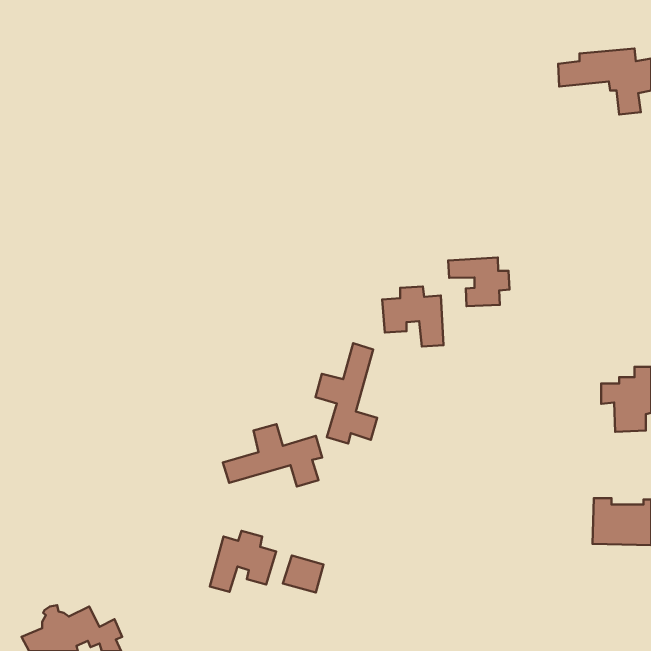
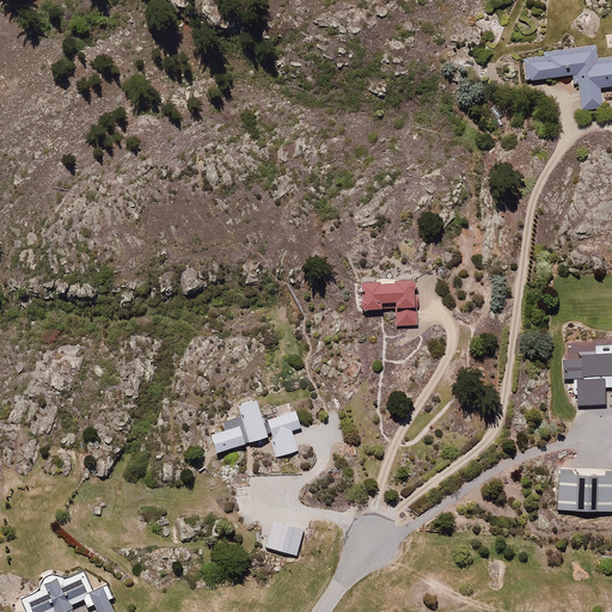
building: [448,258,509,306] -> none
building: [316,343,377,444] -> none
building: [210,531,276,592] -> none

